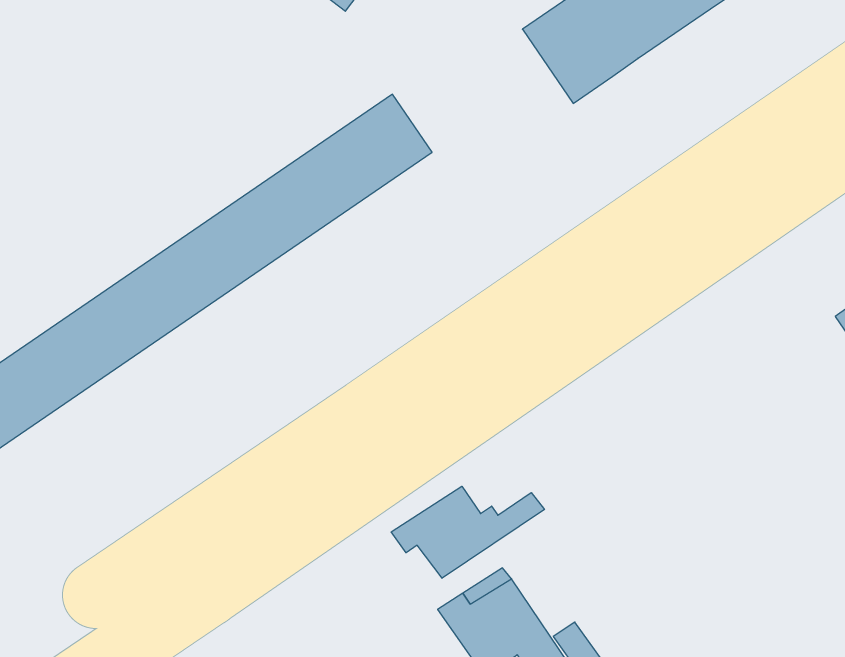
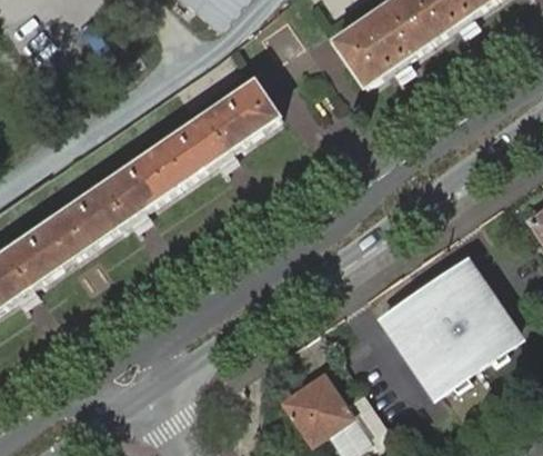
building: none -> [388,259,514,386]
building: [391,486,544,578] -> none

